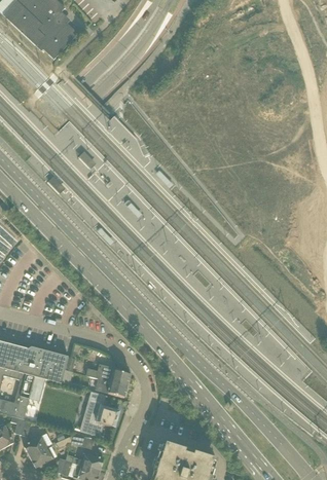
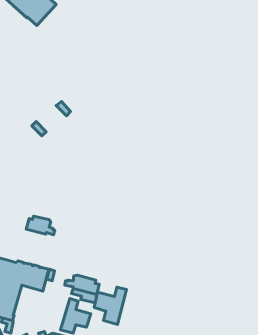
building: none -> [26,216,55,235]
building: none -> [94,287,126,325]

